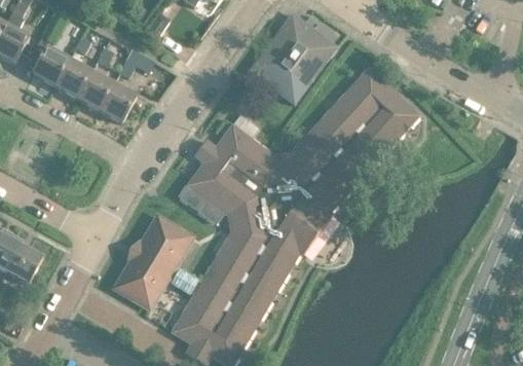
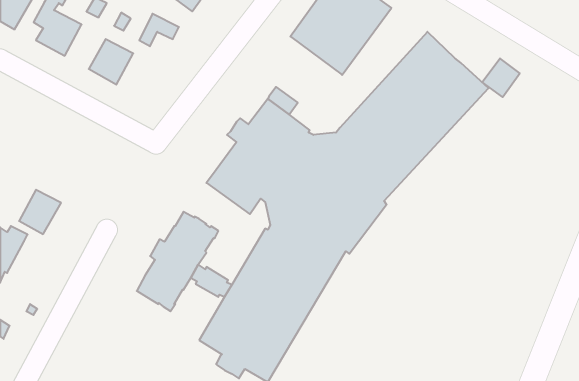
building: [58,60,92,98] -> none
building: [102,84,137,122] -> none
building: none -> [482,58,520,97]
building: [8,246,44,284] -> [19,190,61,234]

